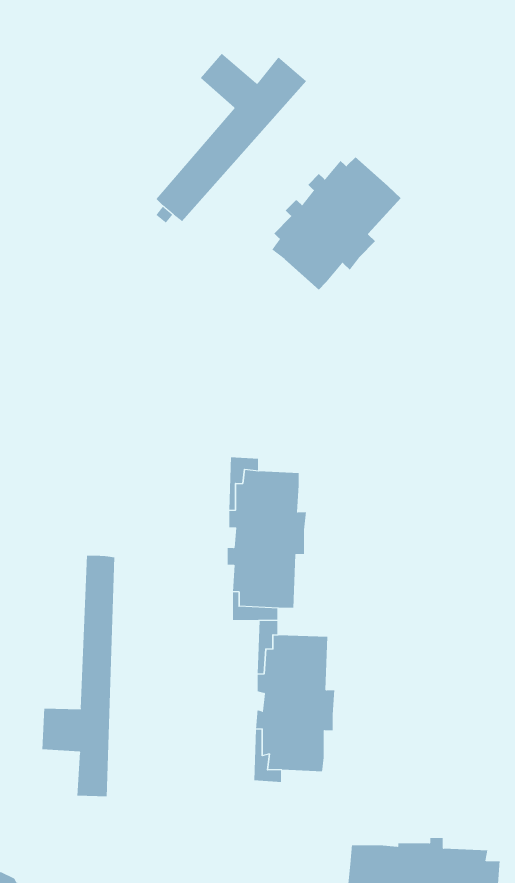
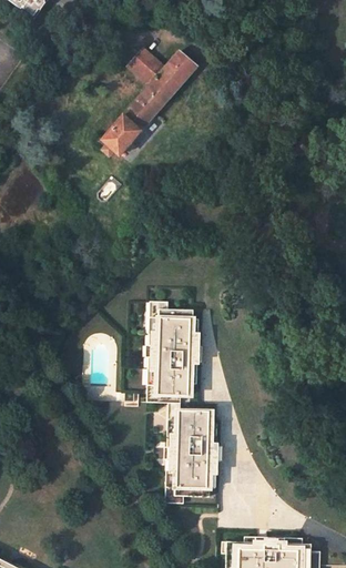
building: [271,156,402,290] -> none
building: [42,555,115,797] -> none

